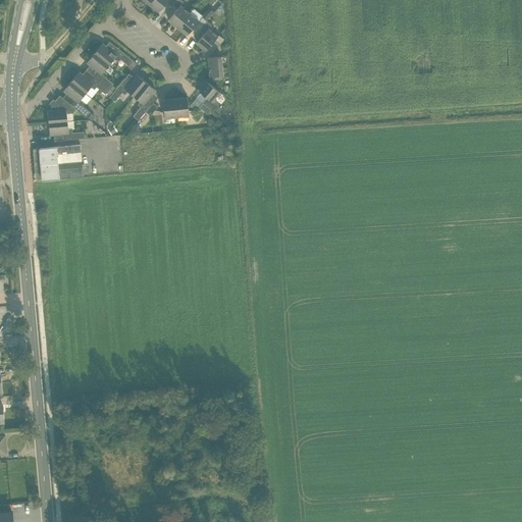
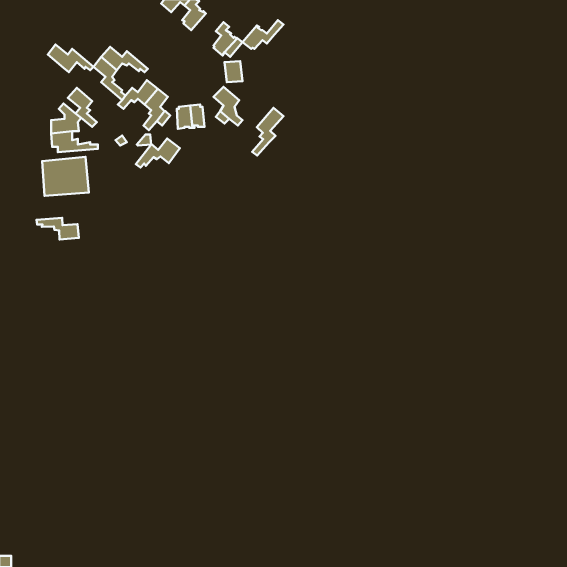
building: [175,7,213,34] -> [242,20,284,49]
building: [70,71,112,97] -> [48,44,93,72]
building: none -> [252,108,284,155]
building: none -> [136,139,180,167]
building: none -> [36,218,79,239]

